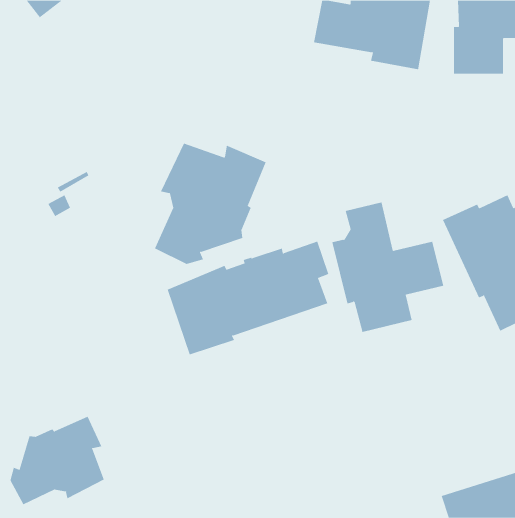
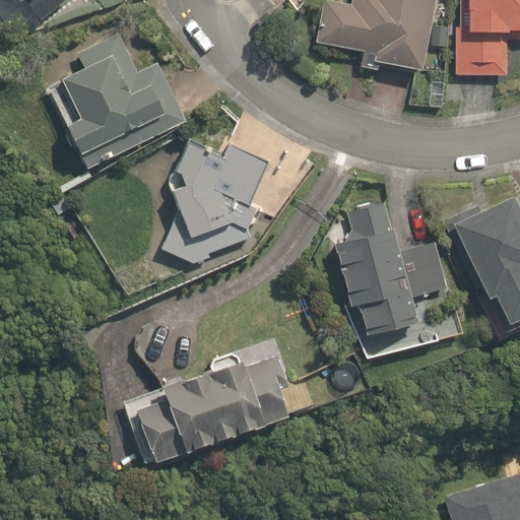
building: none -> [63,34,187,169]
building: [167,241,329,355] -> [127,352,289,467]
building: [10,416,105,505] -> none

